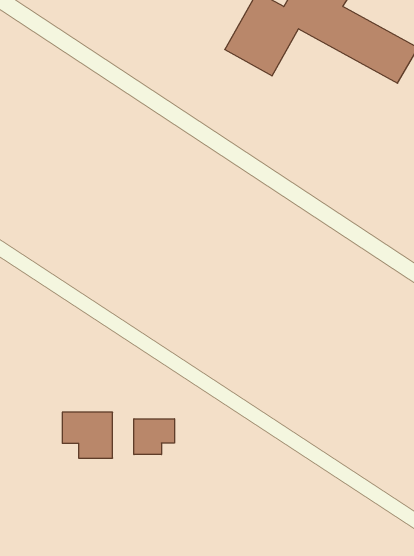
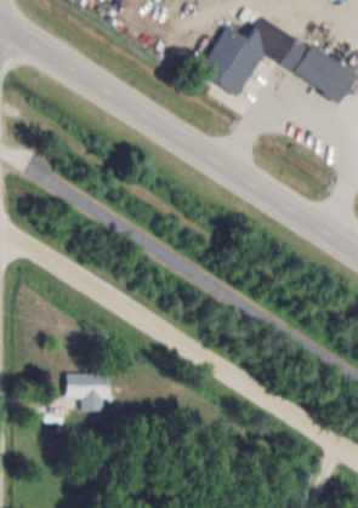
building: [134,419,174,455] -> none

